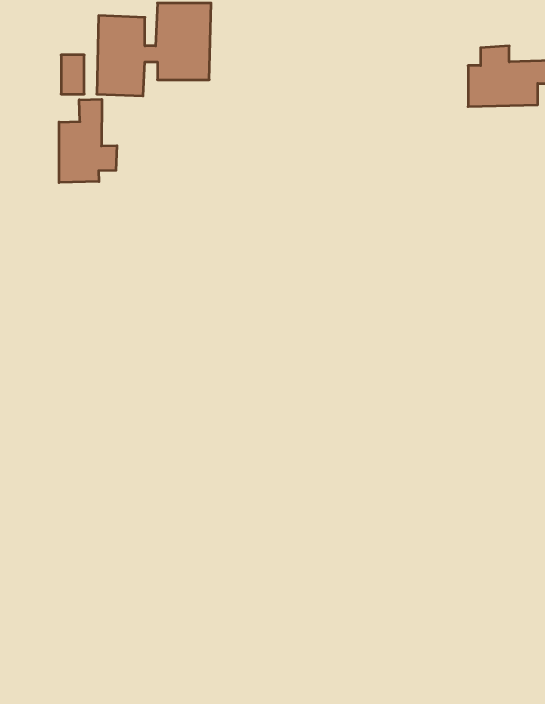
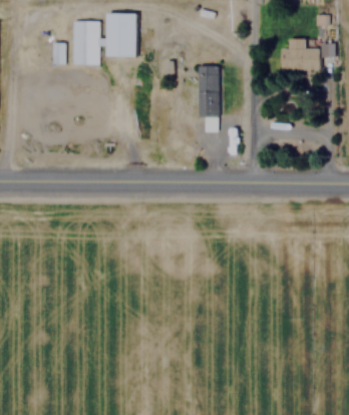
building: none -> [198,66,219,132]
building: [59,99,117,183] -> none

